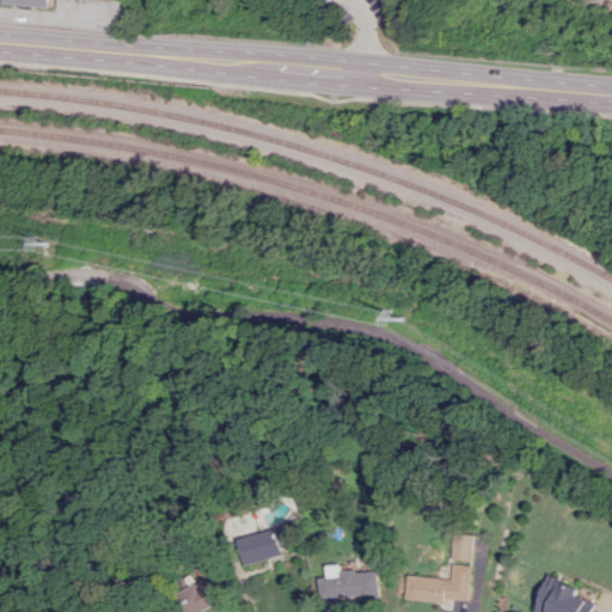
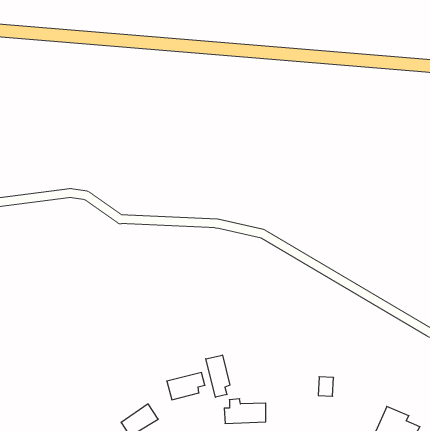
building: none -> [206,355,230,397]
building: [402,565,469,604] -> none

